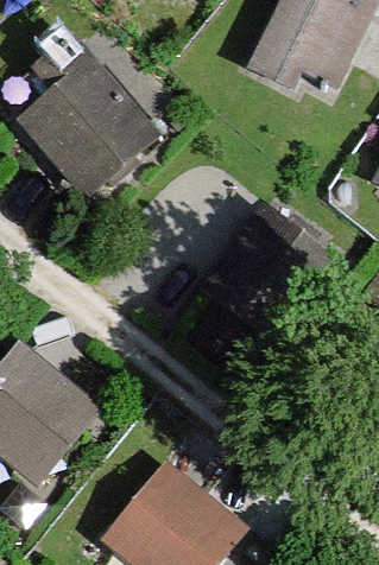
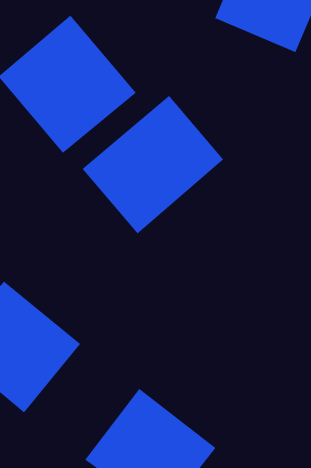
building: none -> [81,95,224,235]

